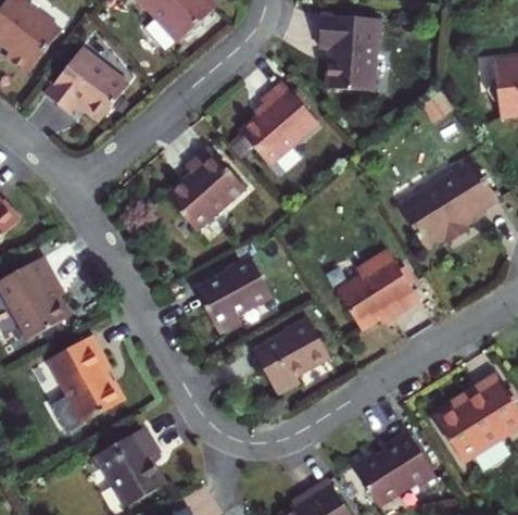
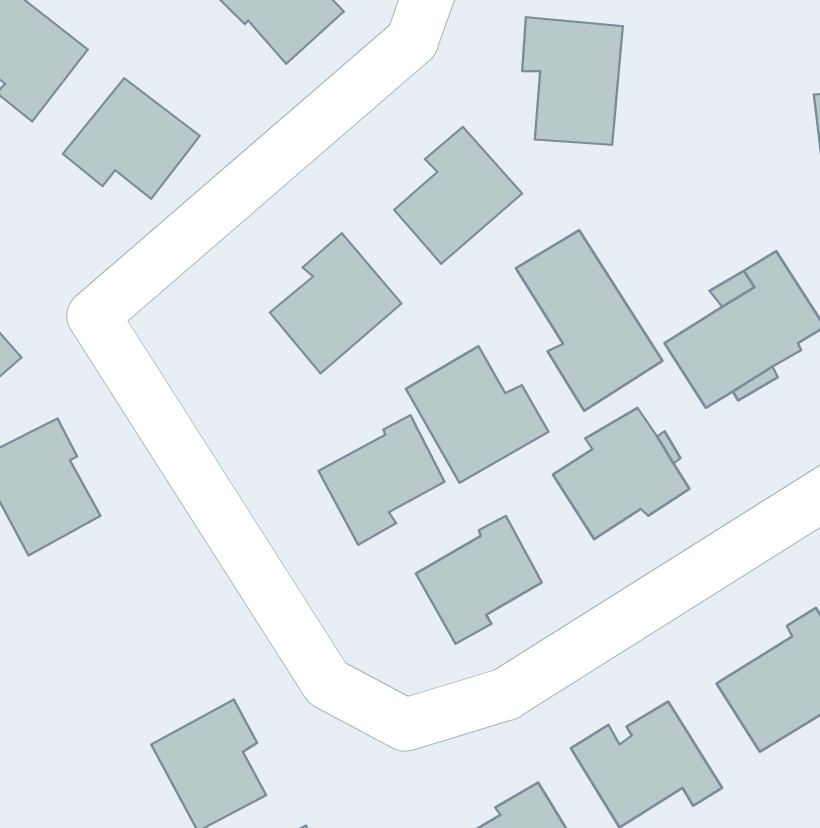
building: none -> [516,230,663,411]
building: none -> [406,346,549,483]
building: [47,334,122,424] -> none

